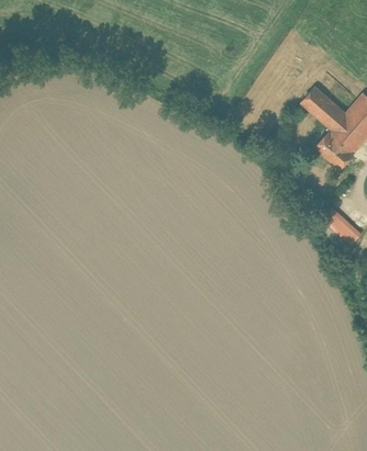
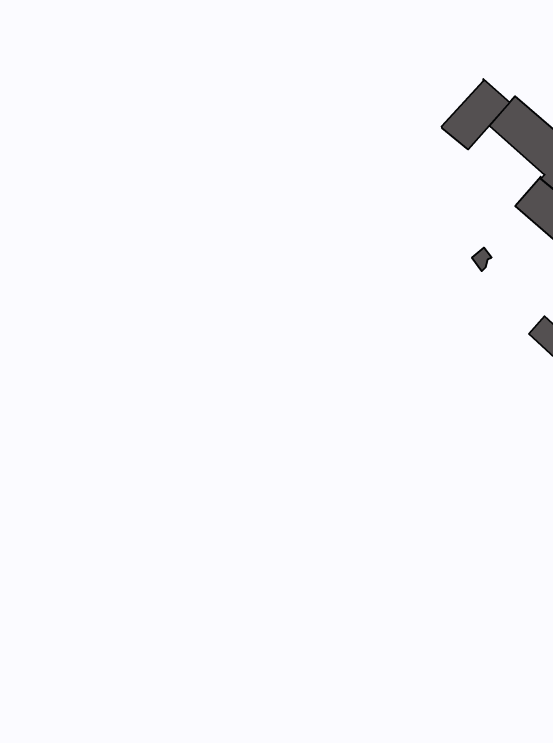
building: none -> [442,79,510,149]

